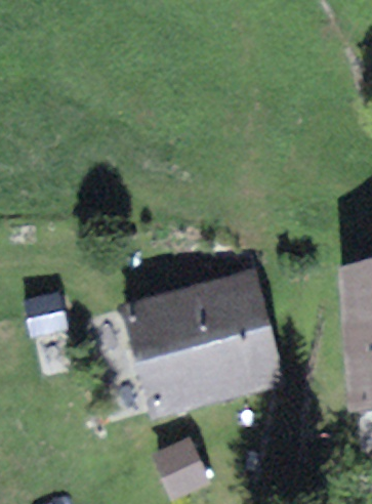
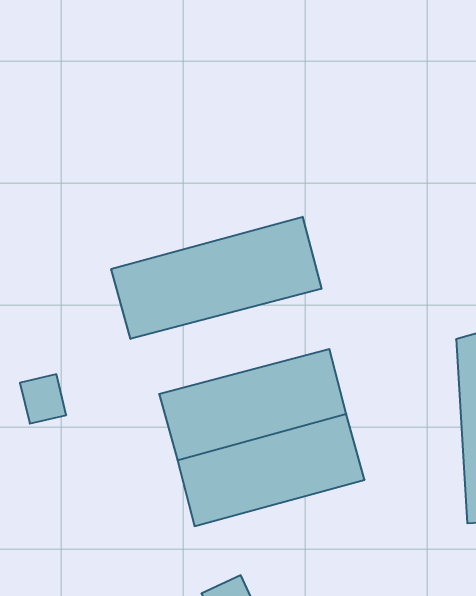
building: none -> [111,217,321,339]

